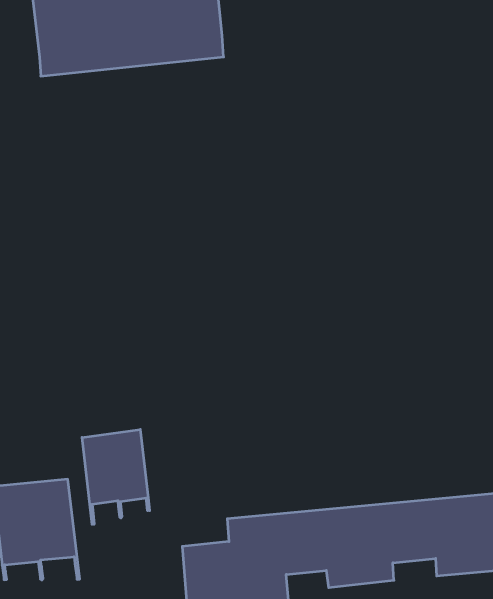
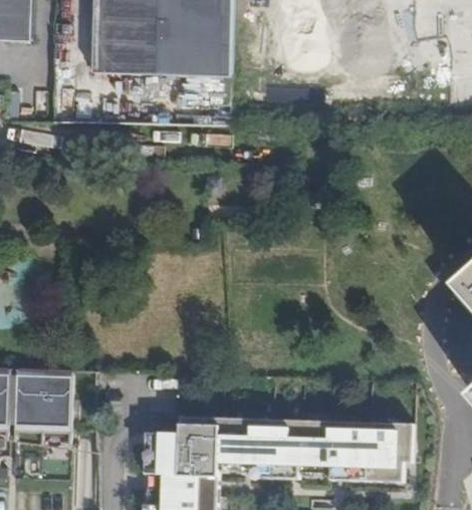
building: [82,429,150,524] -> none

